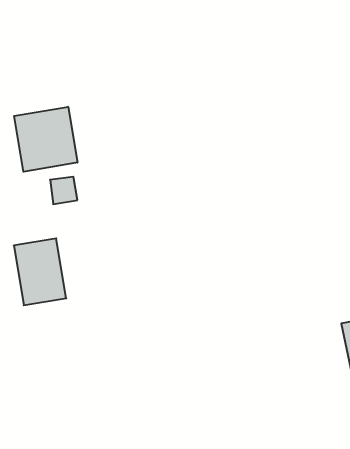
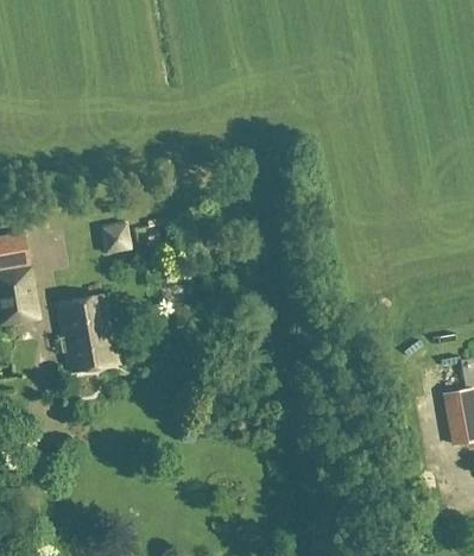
building: [14,107,77,172] -> none

